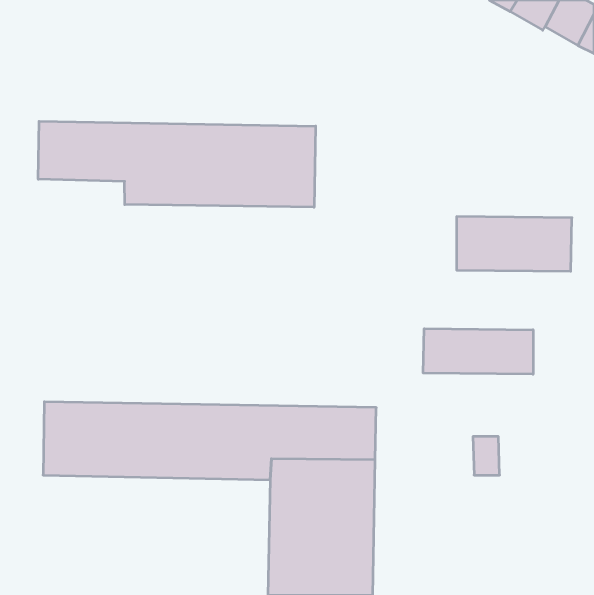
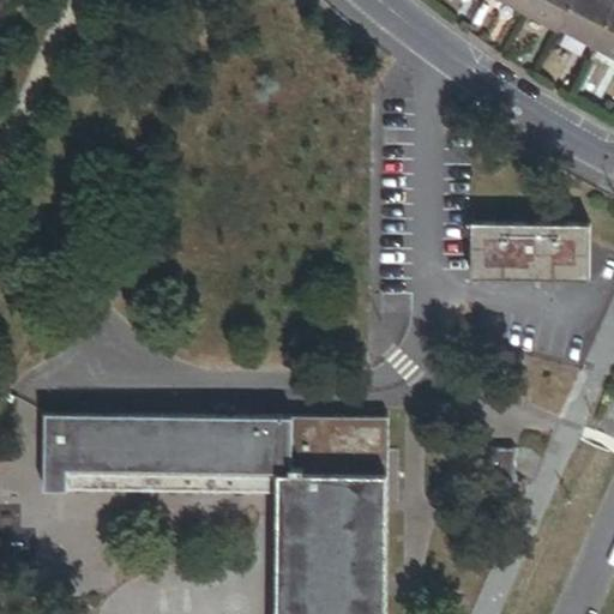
building: [38,121,316,207] -> none
building: [423,329,533,374] -> none

